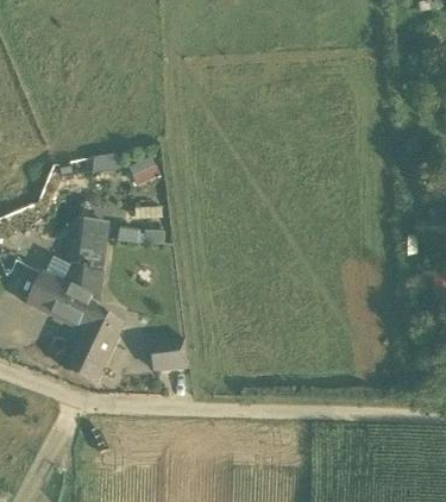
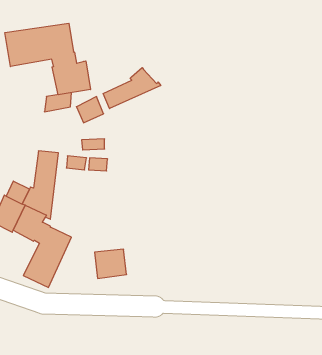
building: none -> [5,23,90,95]
building: none -> [103,68,161,109]

